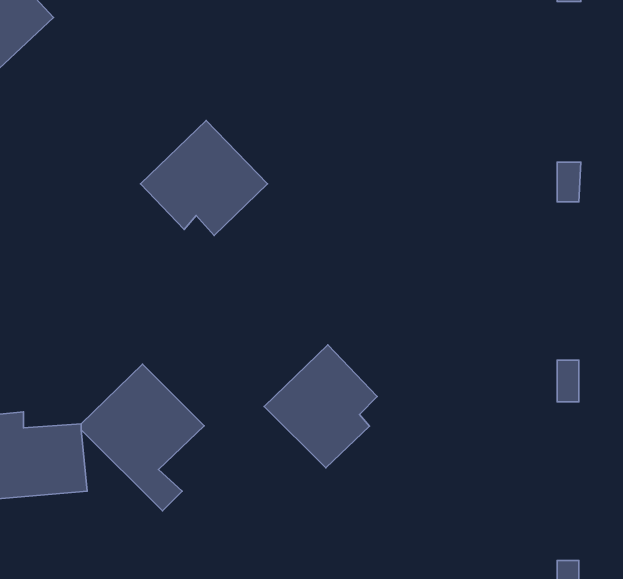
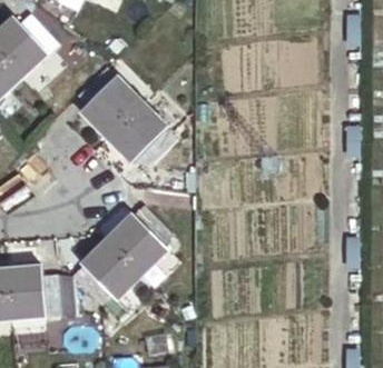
building: none -> [76,66,141,138]
building: [264,345,377,468] -> [106,205,169,273]

